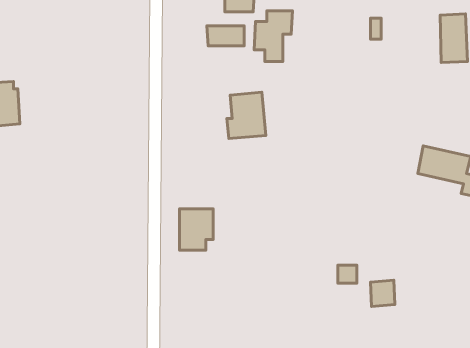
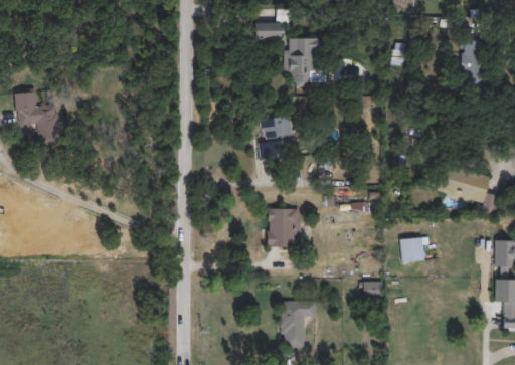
building: [207,26,244,46] -> none
building: [179,209,213,250] -> [268,207,300,246]
building: [371,280,395,307] -> [400,236,423,261]
building: none -> [280,300,315,347]

